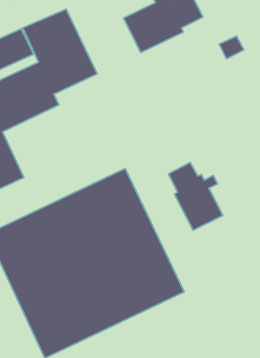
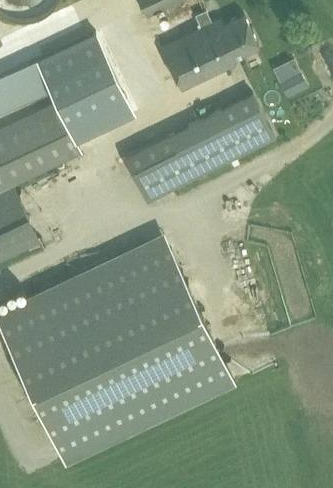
building: none -> [122,95,275,206]
building: [169,163,223,230] -> none

